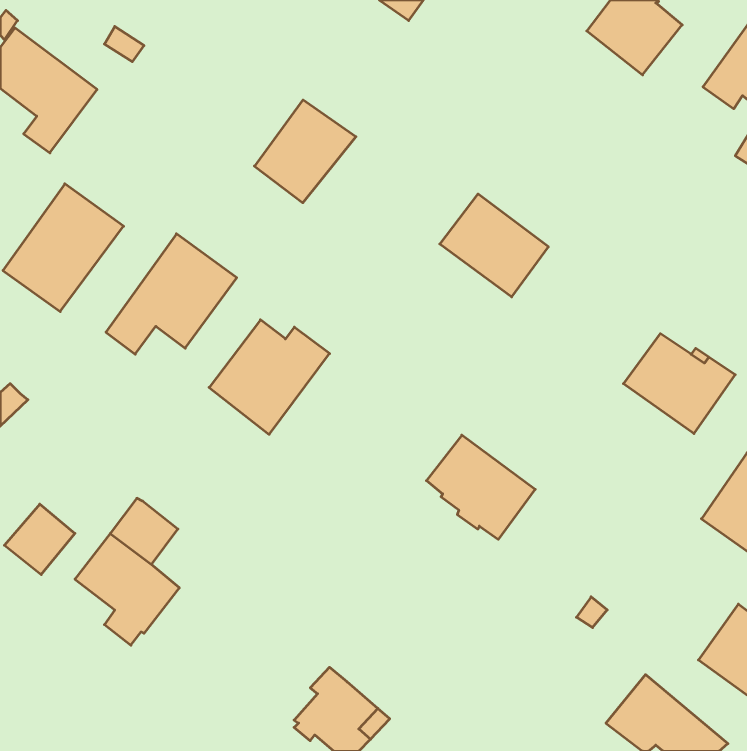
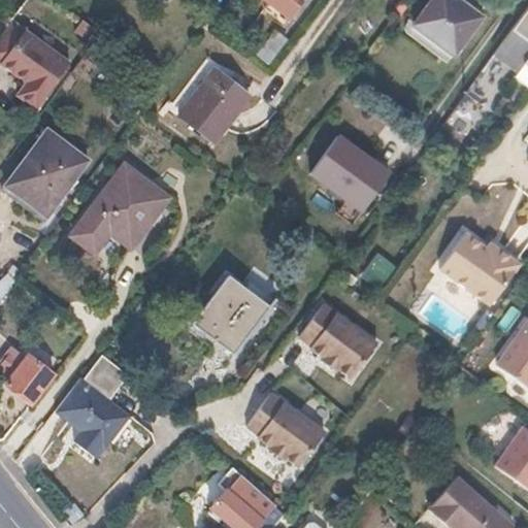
building: [209,320,330,434] -> [190,272,274,353]
building: none -> [249,393,325,466]

